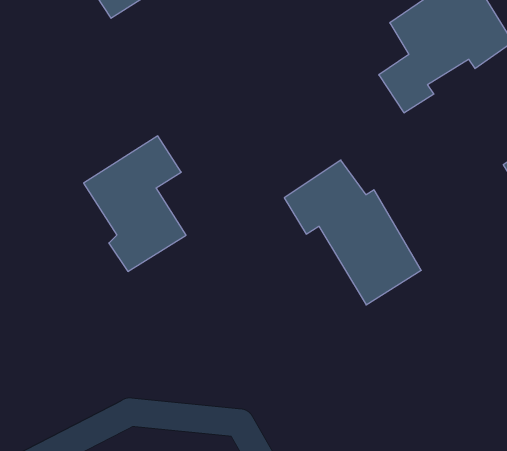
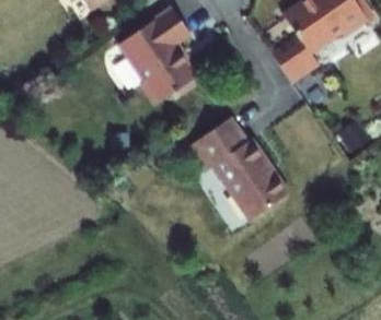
building: [84,136,186,271] -> [118,10,189,104]

